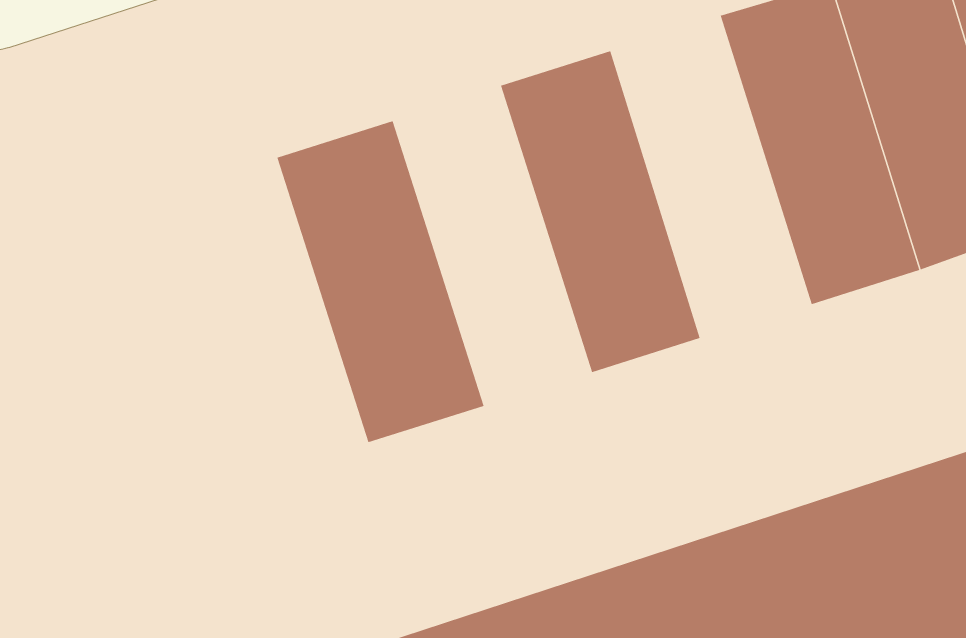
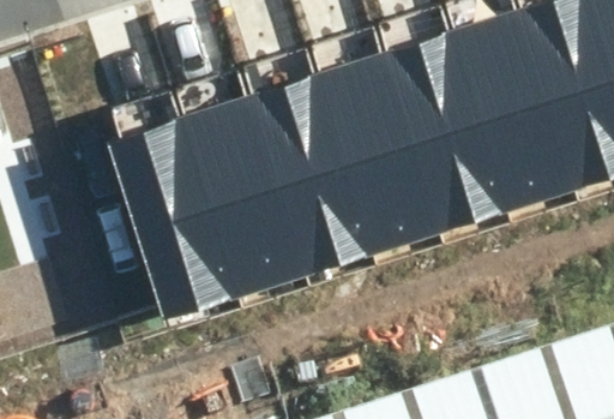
building: none -> [385,32,508,232]
building: none -> [251,76,373,274]
building: none -> [107,120,235,319]

